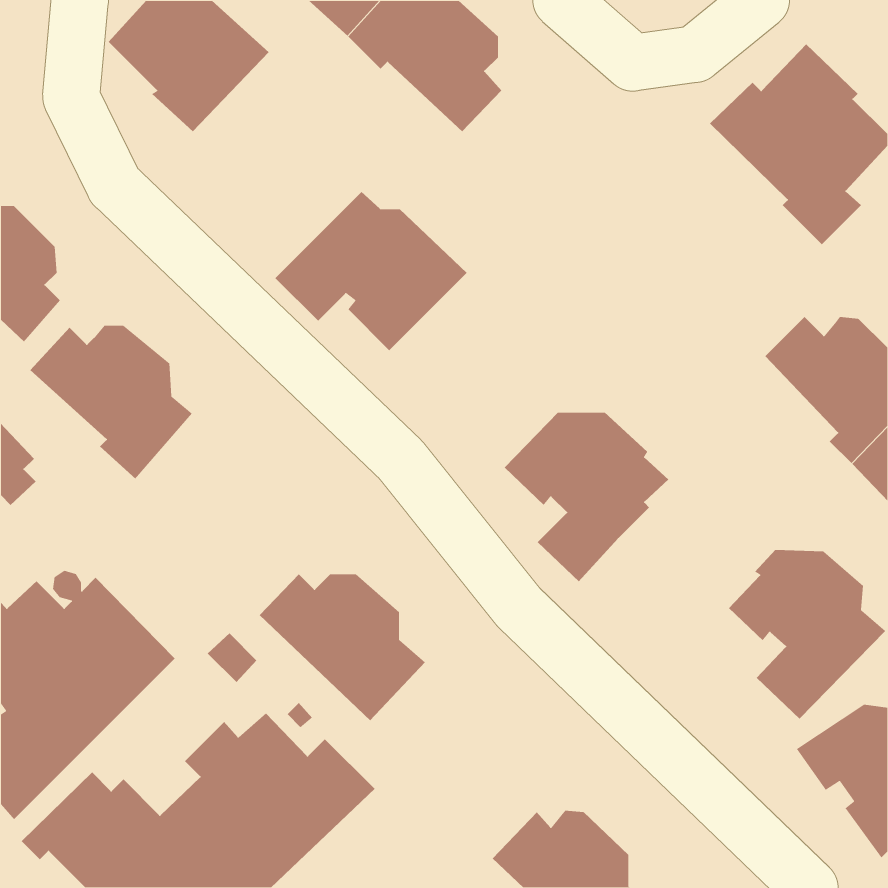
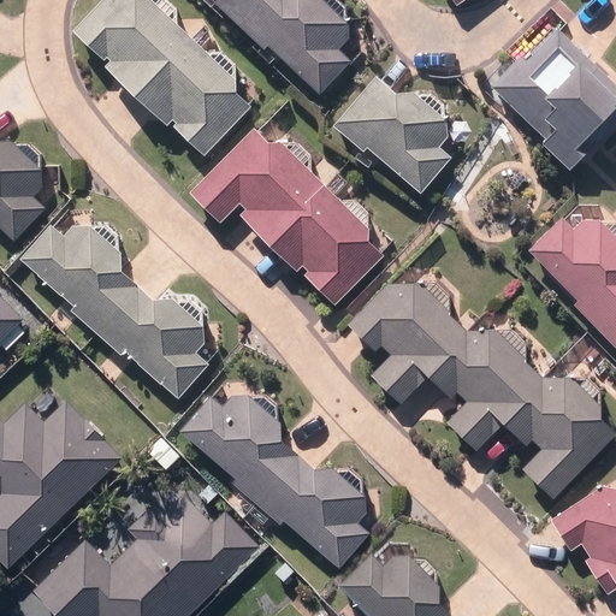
building: none -> [134,36,249,154]
building: none -> [332,78,448,192]
building: none -> [270,189,380,306]
building: none -> [94,286,209,399]
building: none -> [428,332,537,449]
building: none -> [256,458,368,567]

